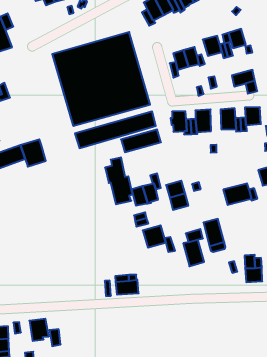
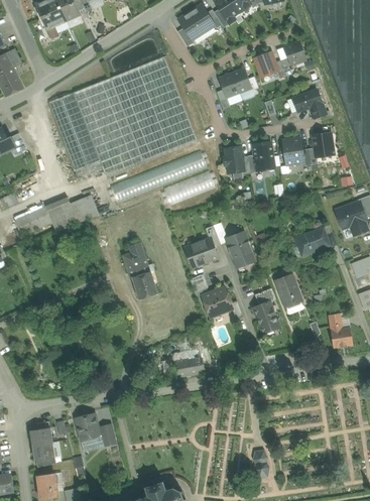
building: none -> [47,92,104,180]
building: none -> [70,195,98,222]
building: [105,157,133,204] -> [122,241,158,298]

